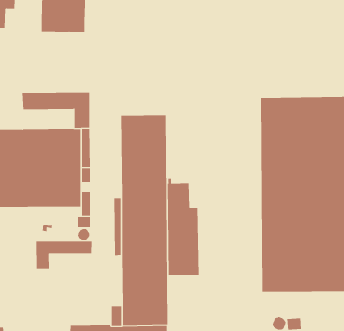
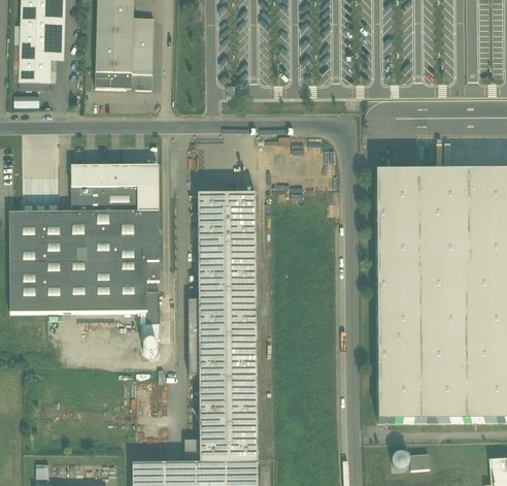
building: none -> [72,185,138,210]
building: [167,178,199,276] -> none
building: [36,241,92,270] -> none

